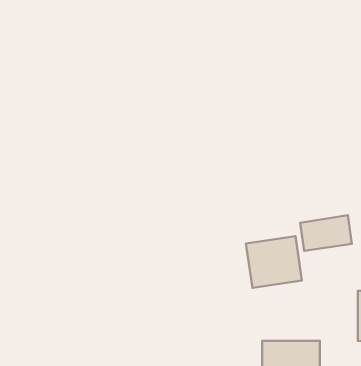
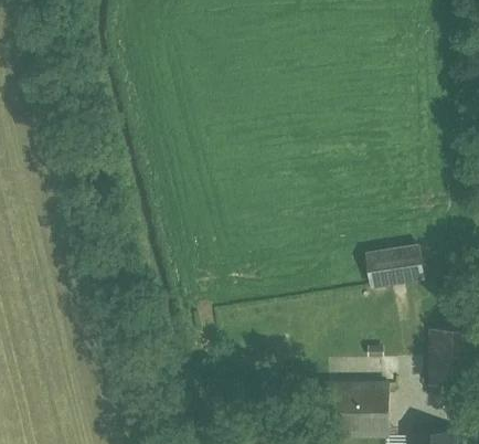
building: [246,236,302,288] -> none

